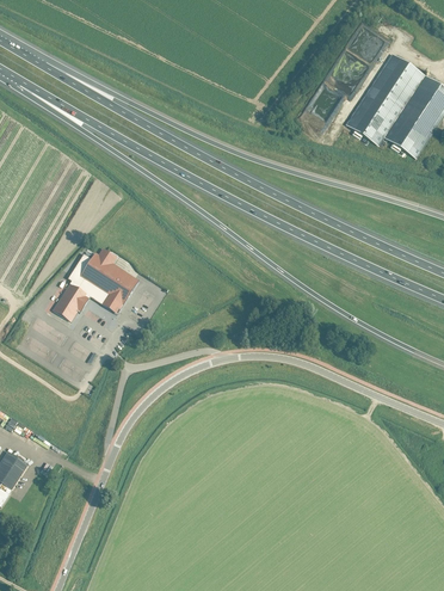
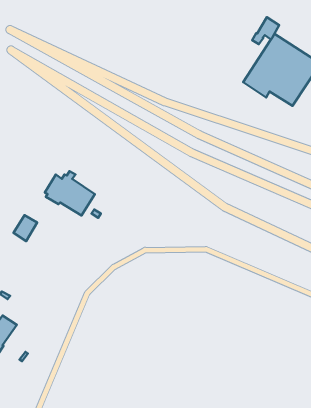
building: none -> [252,17,279,44]
building: [53,284,86,321] -> [14,215,37,241]

